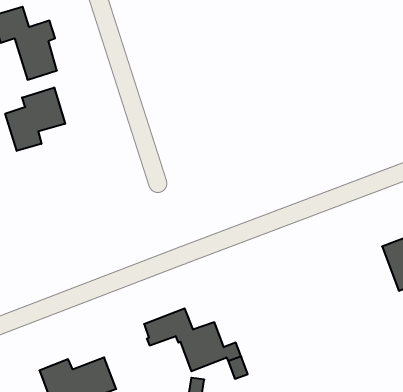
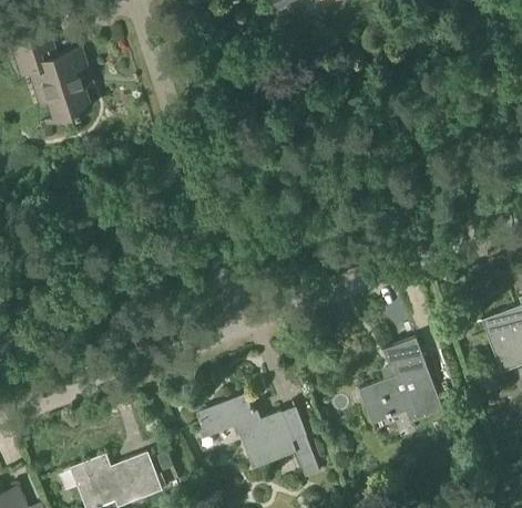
building: [5,87,65,151] -> none
building: none -> [358,338,442,425]

